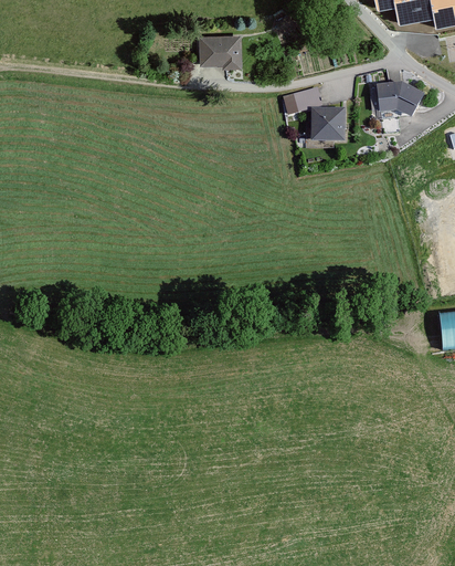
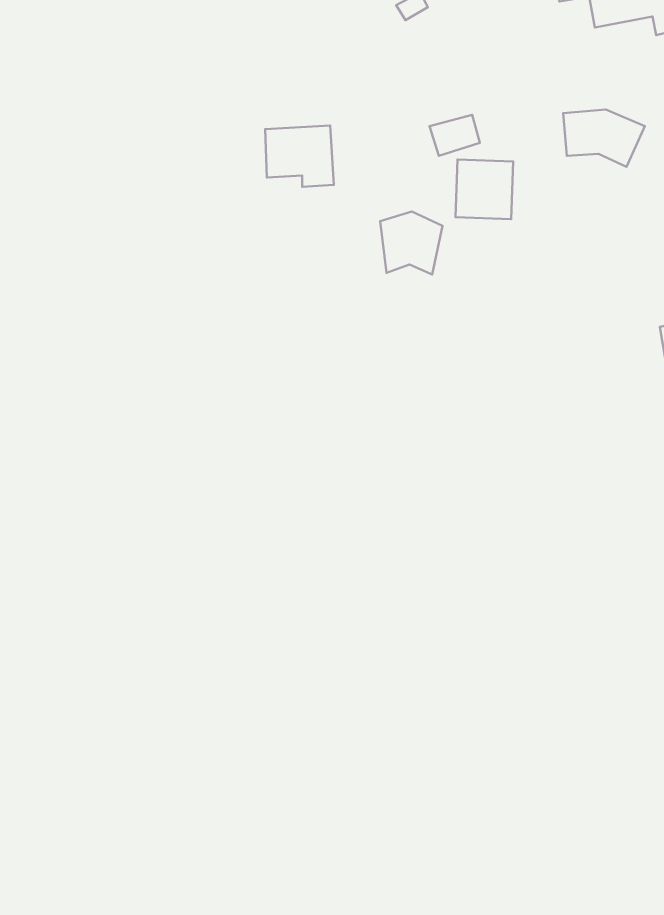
building: [201,28,242,64] -> [265,125,334,187]
building: none -> [380,211,442,274]

